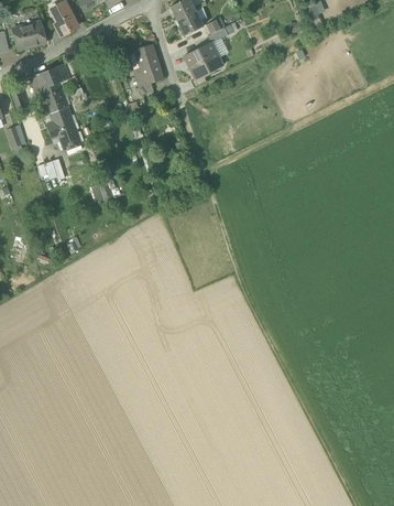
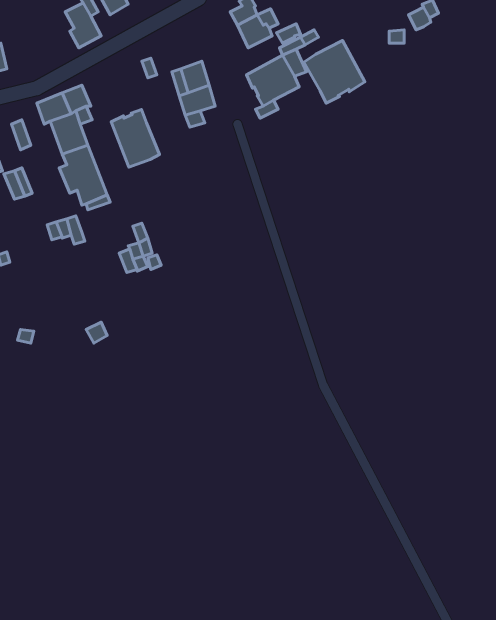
building: [11,23,45,50] -> none
building: none -> [304,41,365,103]
building: none -> [111,109,159,167]

